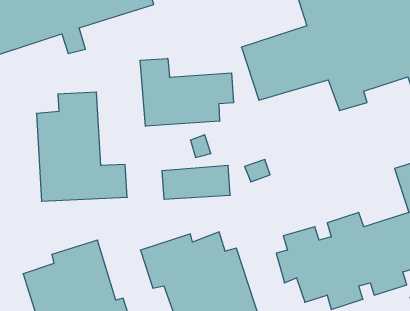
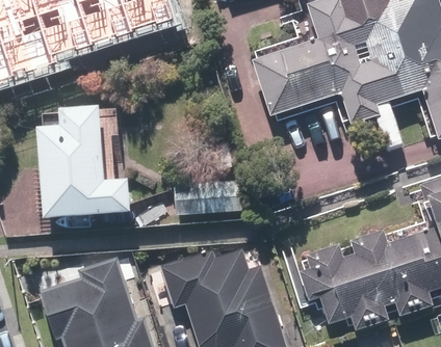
building: [140,58,234,126] -> none

